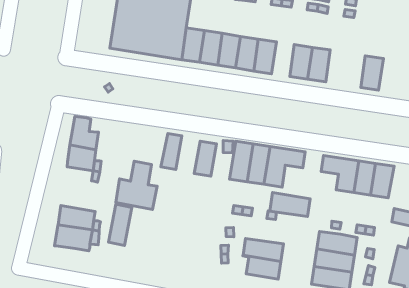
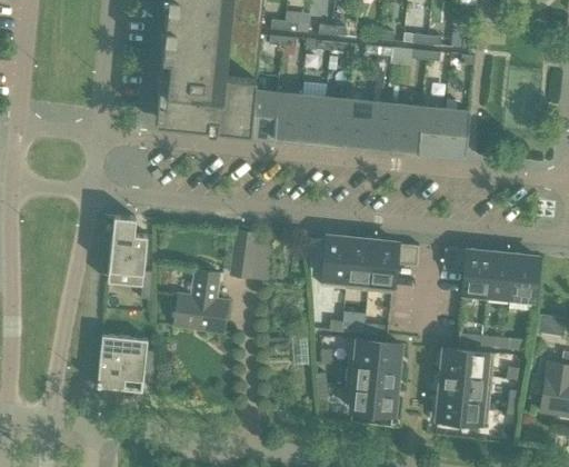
building: none -> [370,103,398,148]
building: [361,56,384,90] -> [442,110,470,155]
building: [194,141,217,176] -> none
building: [270,193,310,216] -> [348,339,400,368]
building: [109,204,132,245] -> none

